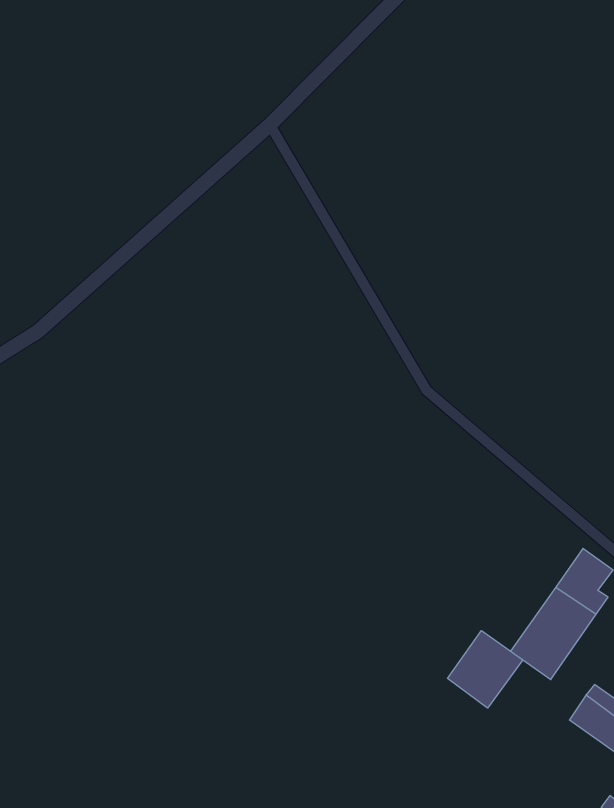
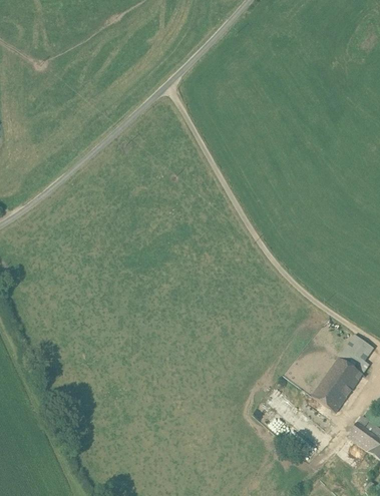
building: [448,631,523,708] -> none

